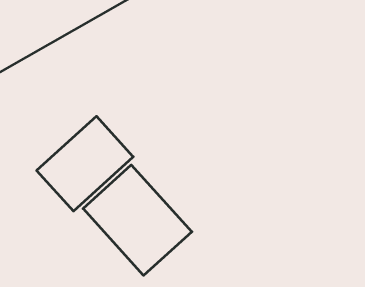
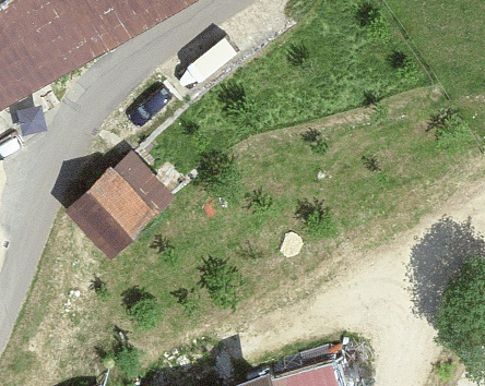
building: [83,165,192,275] -> none

